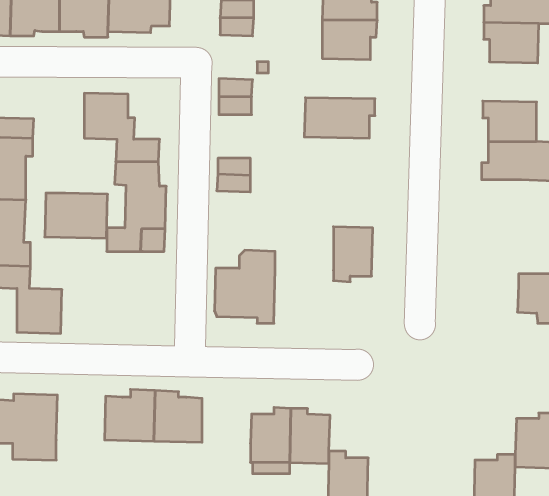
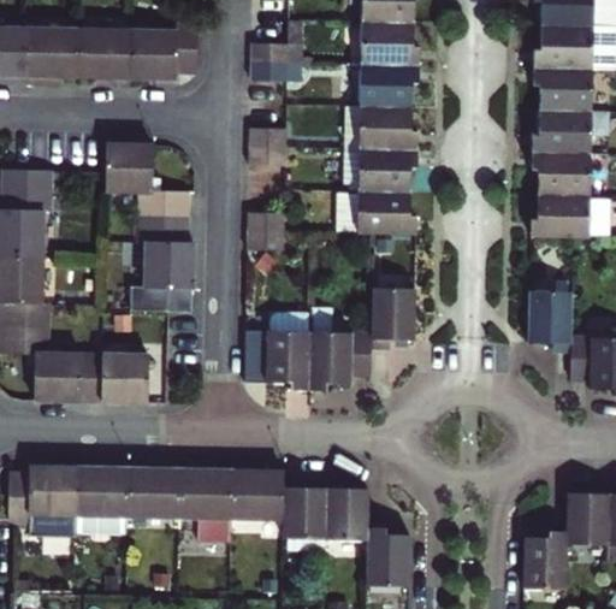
building: none -> [342,106,417,149]
building: none -> [532,110,591,153]
building: none -> [336,190,415,233]
building: [45,193,108,238] -> [79,354,147,402]
building: none -> [528,289,571,349]
building: none -> [308,332,372,390]
building: none -> [75,461,128,515]
building: none -> [231,463,284,519]

